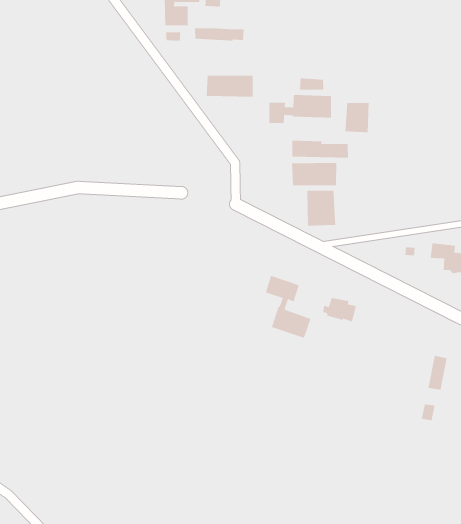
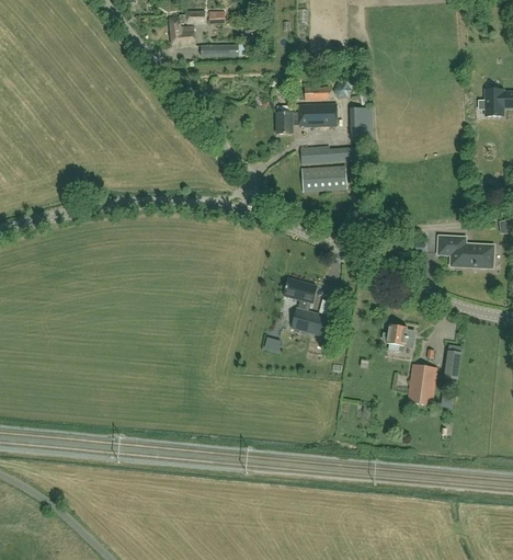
building: [206,75,254,98] -> none
building: [307,190,336,226] -> none
building: [322,297,357,322] -> [381,324,414,347]
building: none -> [408,364,436,404]

